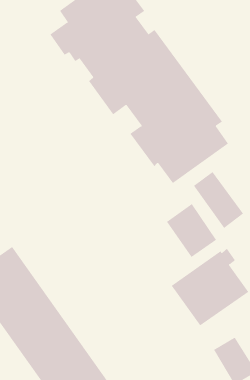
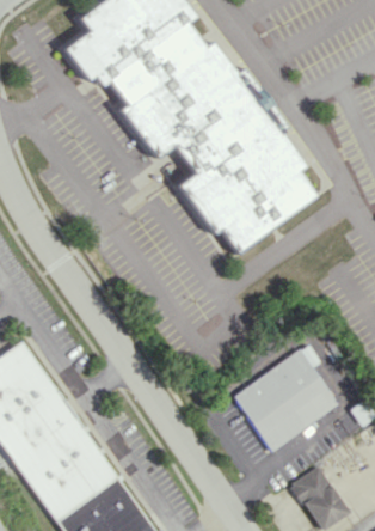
building: [193,171,244,229] -> none
building: [166,203,217,258] -> none

